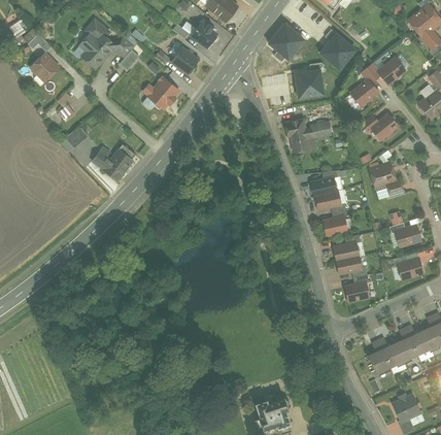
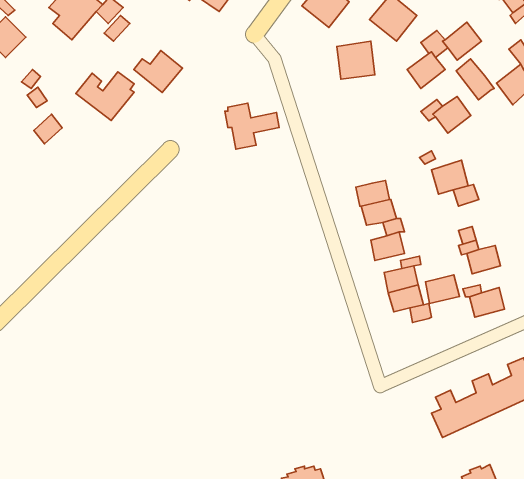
building: [169,45,198,74] -> none
building: none -> [456,59,494,100]
building: [284,118,326,153] -> [225,103,279,149]
building: [90,144,134,181] -> [76,72,134,121]
building: [344,281,370,303] -> [426,275,459,303]

